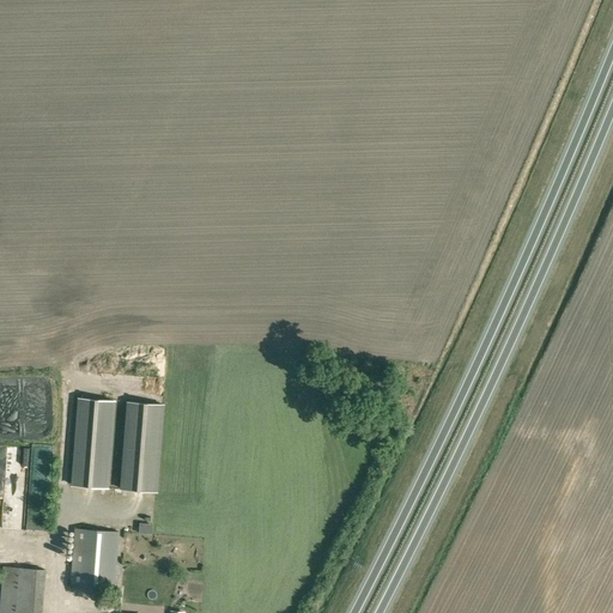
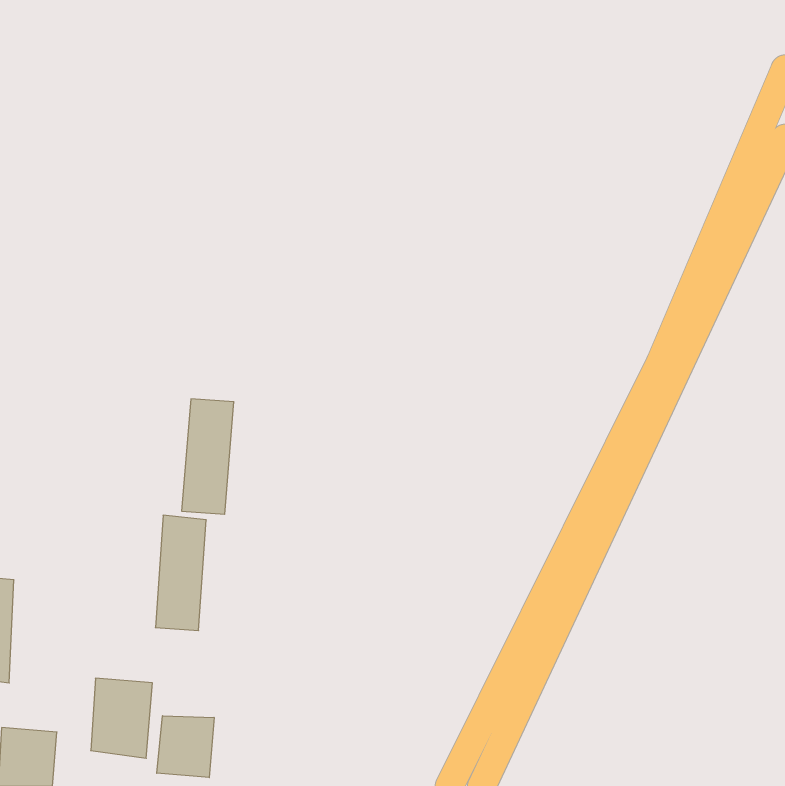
building: [72,397,113,487] -> [182,399,234,514]
building: none -> [157,716,214,778]

